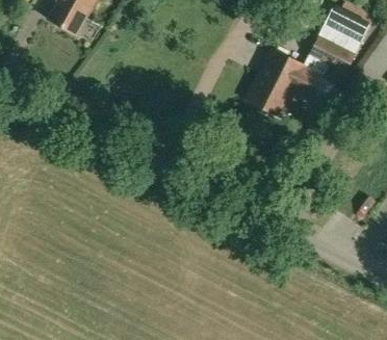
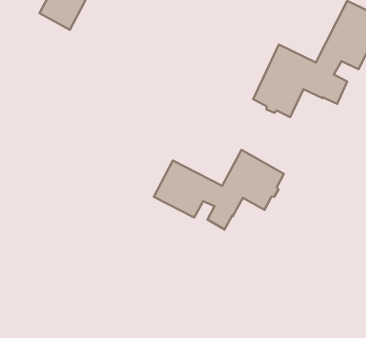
building: none -> [154,150,284,229]

